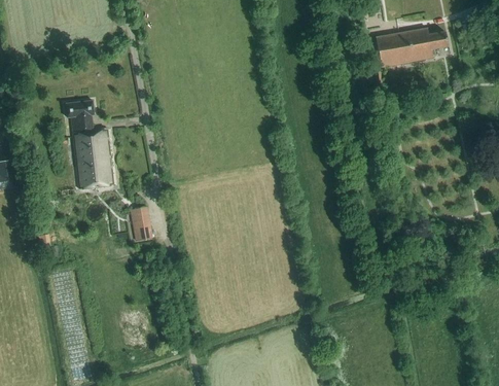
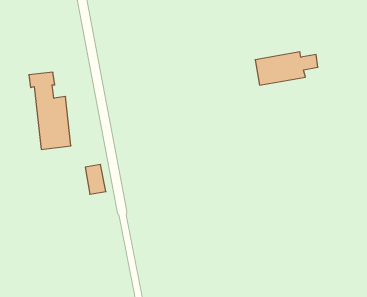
building: [376,28,448,66] -> [255,52,318,85]

